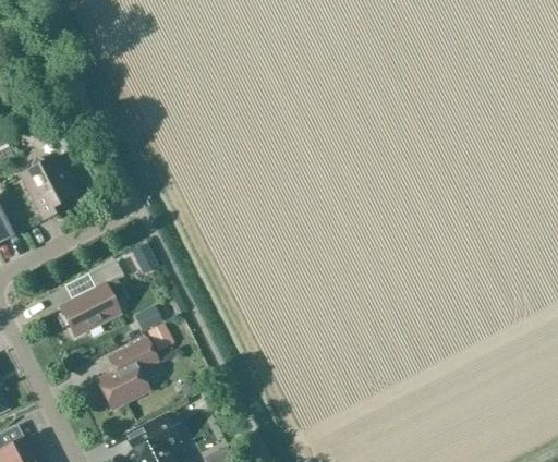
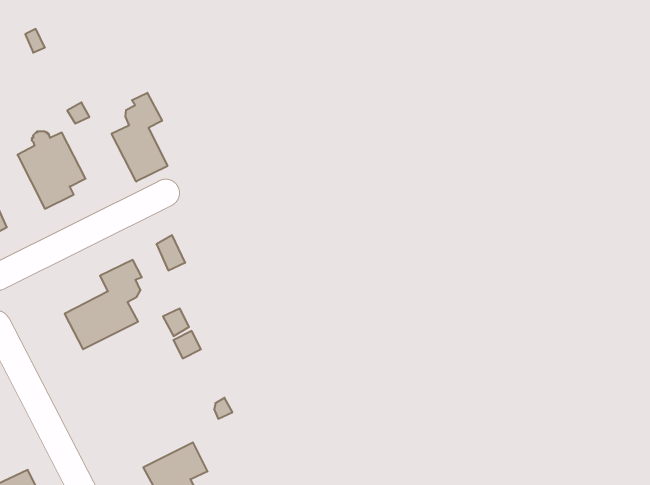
building: none -> [112,93,167,182]
building: [96,339,156,410] -> none

